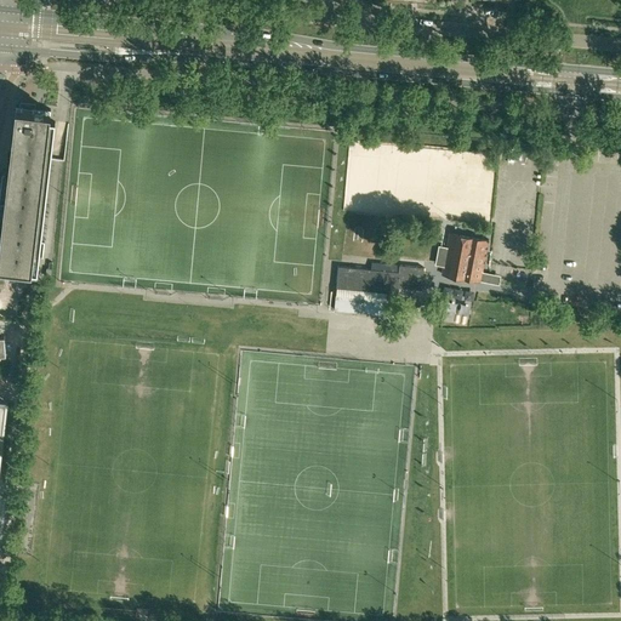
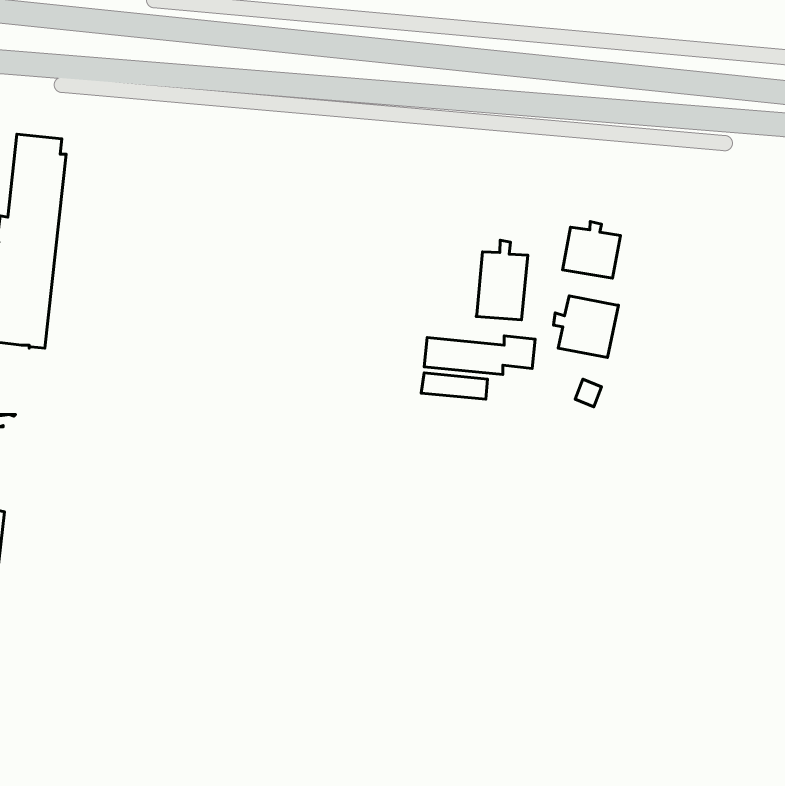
building: none -> [562,221,621,278]
building: none -> [476,240,528,320]

